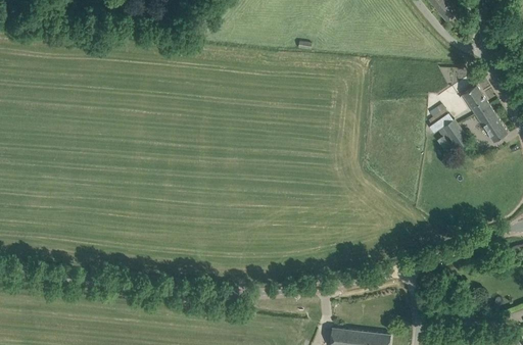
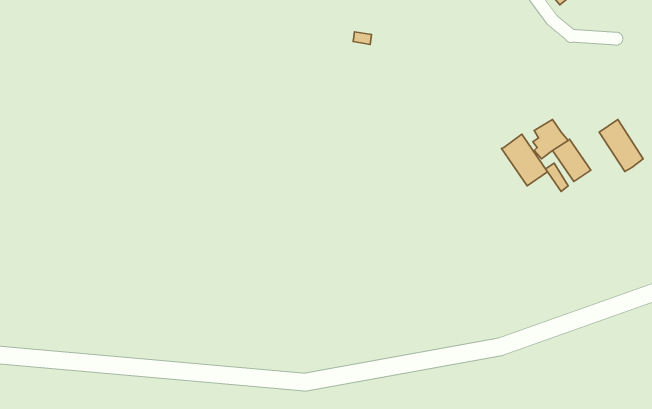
building: [462,85,488,113] -> none
building: none -> [501,134,548,186]

